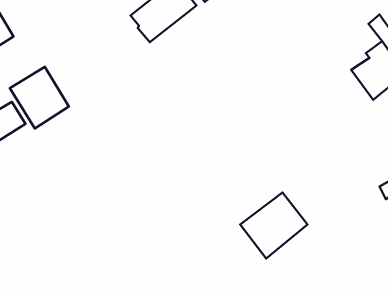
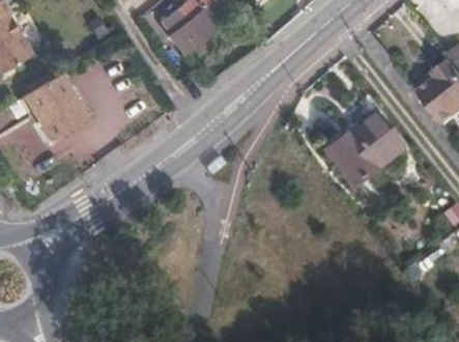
building: [240,192,307,259] -> [324,115,400,190]

